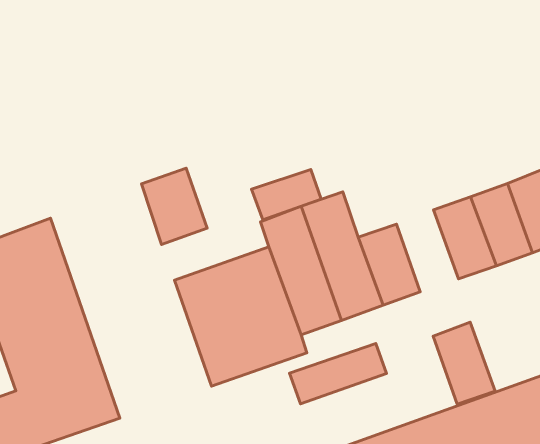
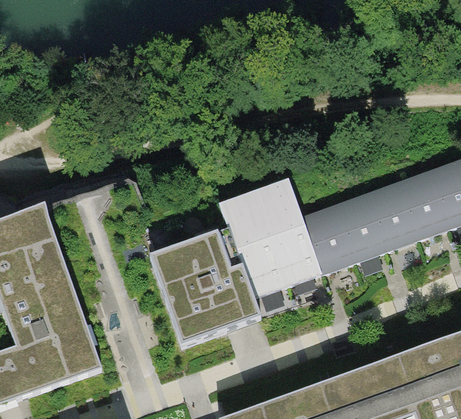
building: [142,168,207,244] -> none
building: [252,169,321,220] -> none
building: [433,322,495,404] -> [334,194,386,263]
building: [289,344,386,404] -> none

